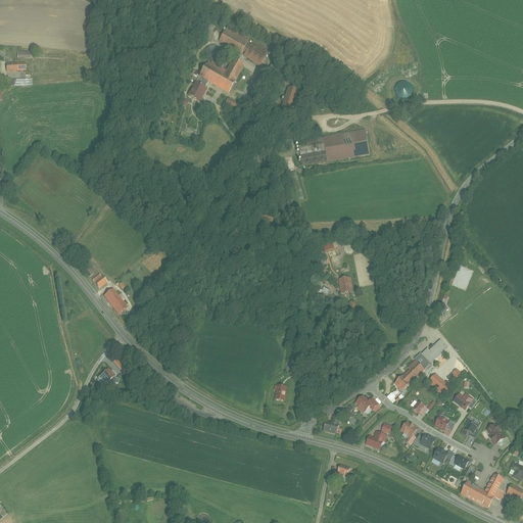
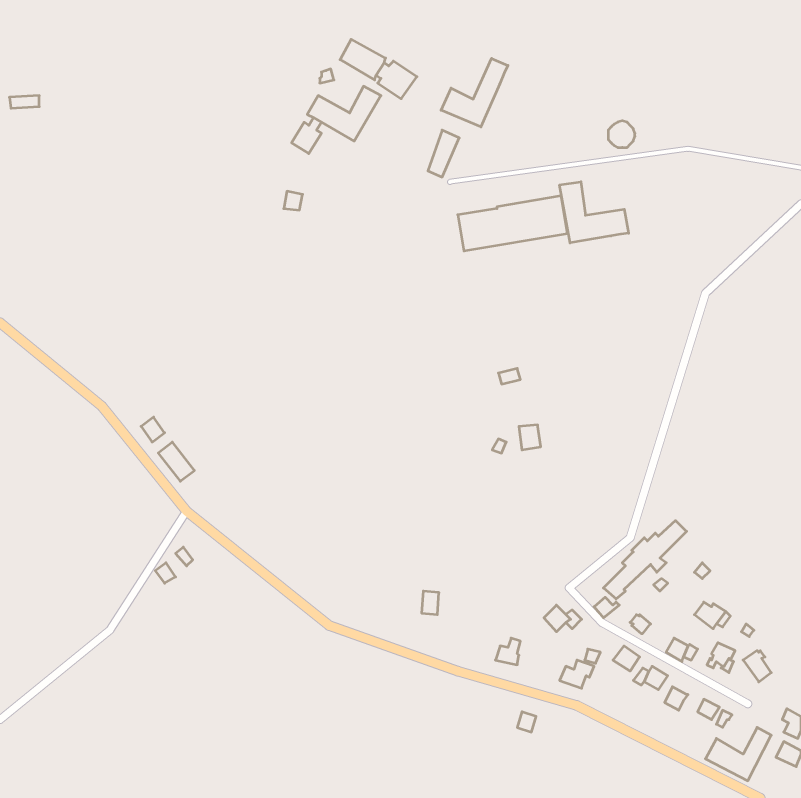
building: none -> [441,58,508,127]
building: none -> [560,182,629,243]

